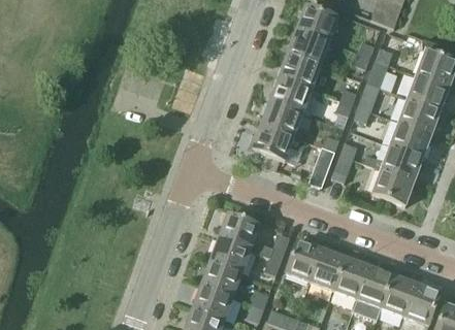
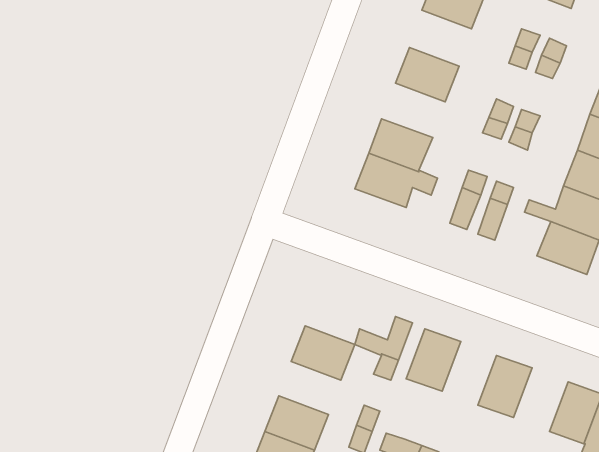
building: [288,29,329,66] -> none
building: [269,77,312,113] -> none
building: [219,212,261,251] -> none
building: [310,249,346,291] -> none
building: [201,262,242,297] -> none
building: [353,266,393,315] -> none

